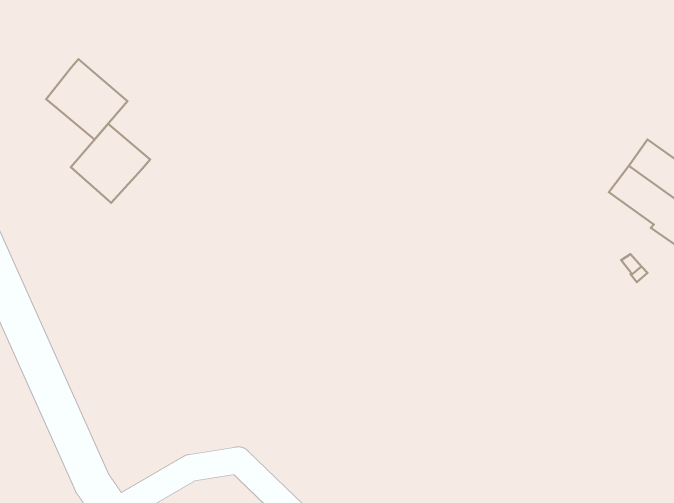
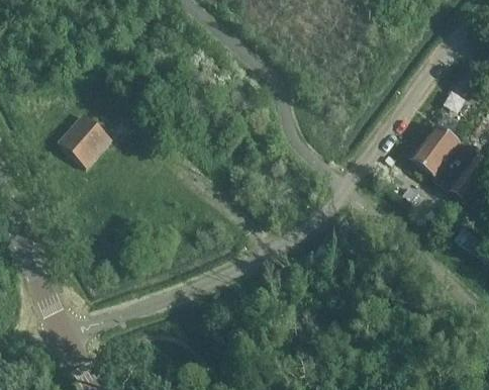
building: [46,59,127,140] -> none

